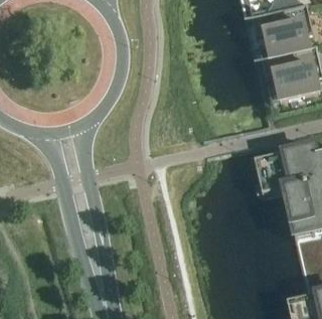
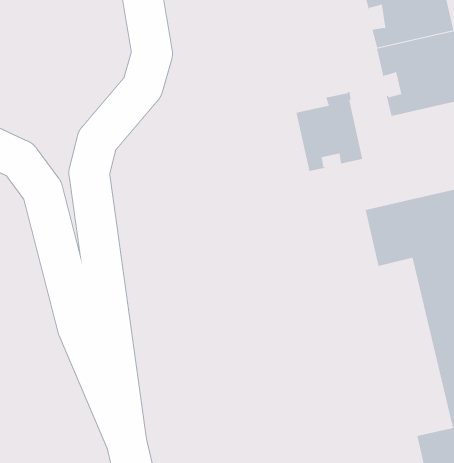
building: none -> [296,91,363,172]

